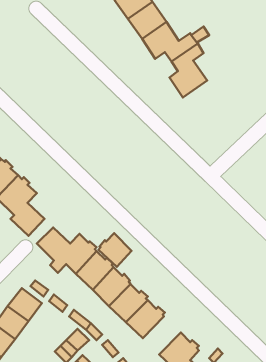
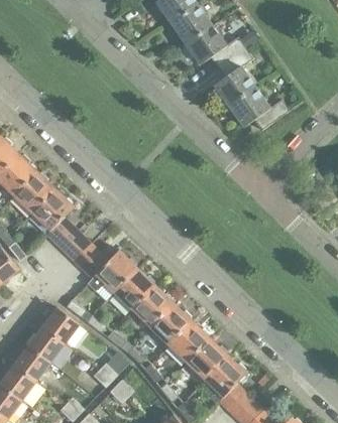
building: none -> [228,88,288,130]
building: [99,233,131,267] -> none
building: none -> [186,338,227,379]

